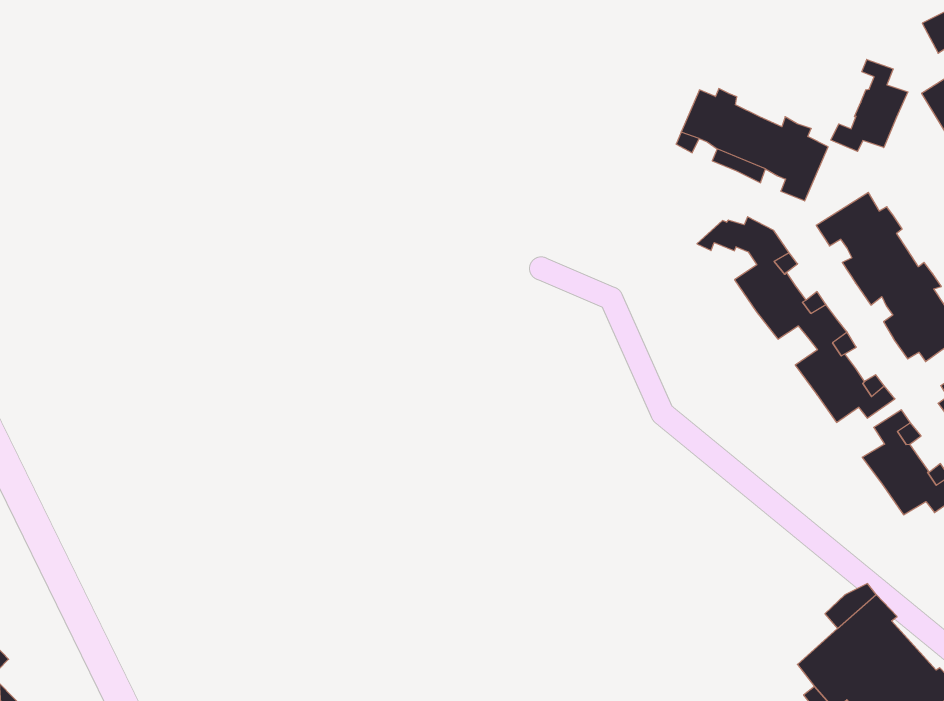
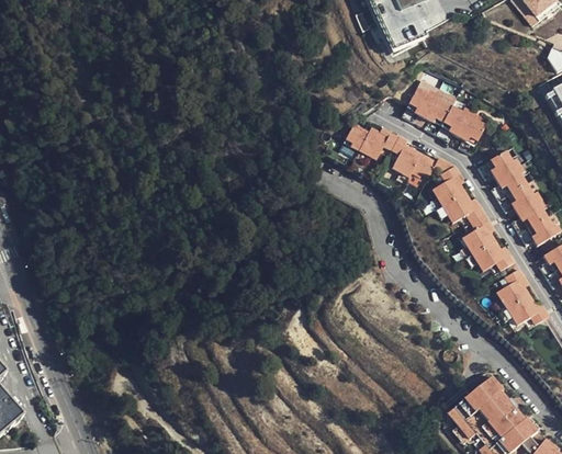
building: [831,59,908,151] -> none
building: none -> [344,120,427,172]

